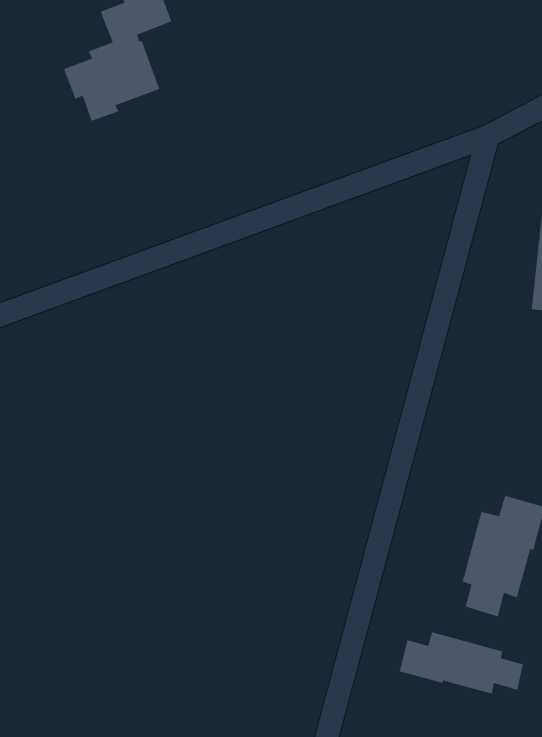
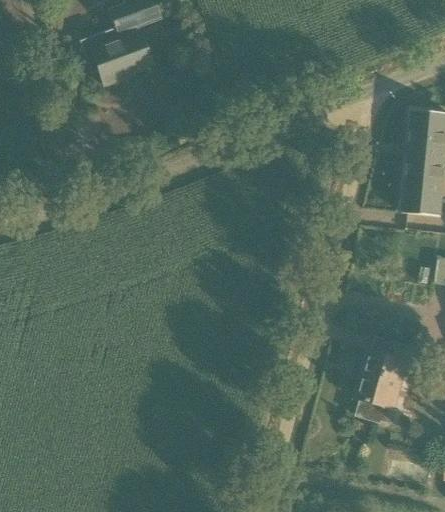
building: [399,632,524,694] -> none

